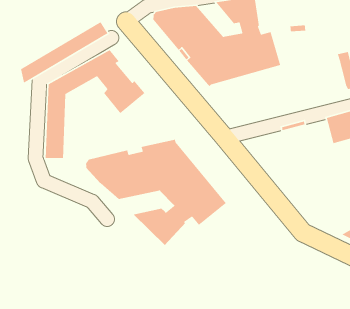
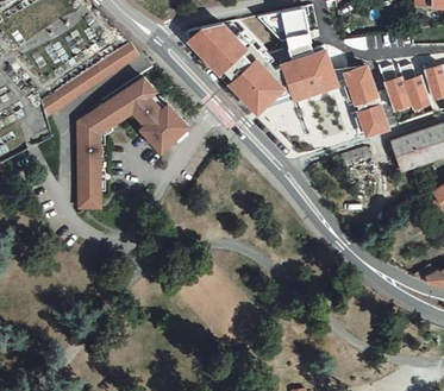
building: none -> [346,68,387,135]
building: none -> [380,67,411,111]
building: [85,139,227,246] -> none

